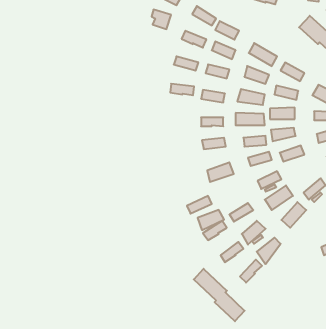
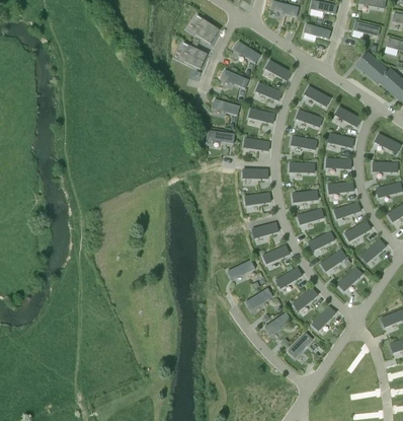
building: none -> [340,217,372,242]
building: [198,210,224,230] -> [260,243,291,267]
building: [194,269,245,321] -> none

